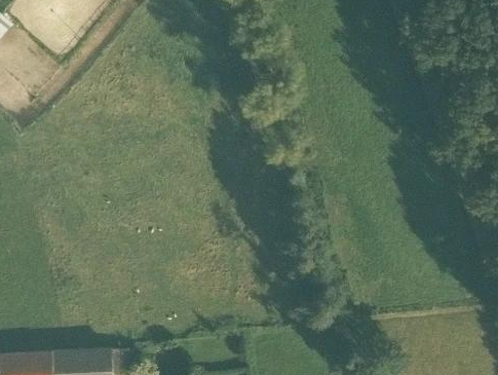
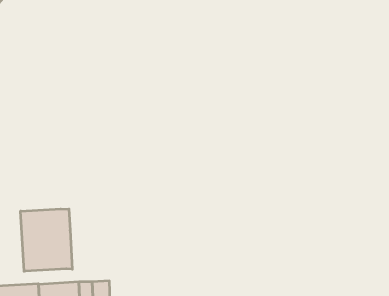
building: none -> [21,209,72,271]

